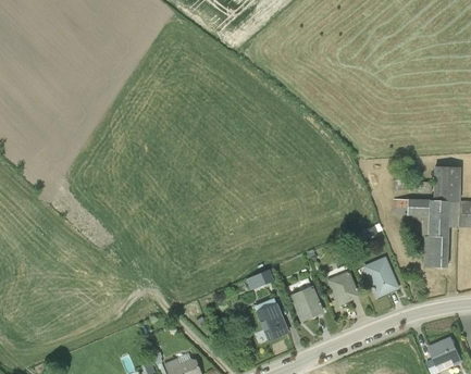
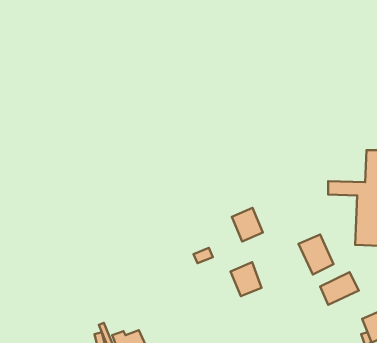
building: [326,270,359,306] -> [232,208,263,242]
building: none -> [320,272,359,305]
building: [255,301,289,340] -> none

